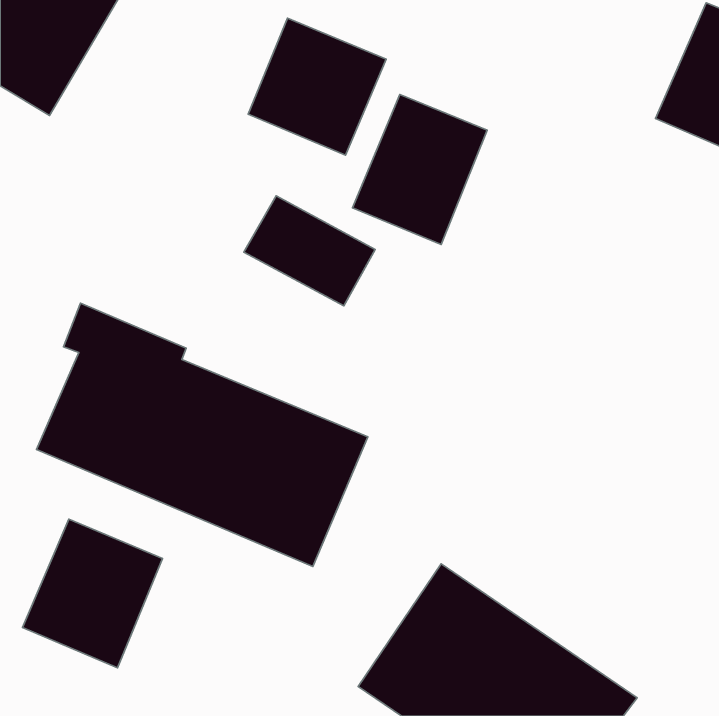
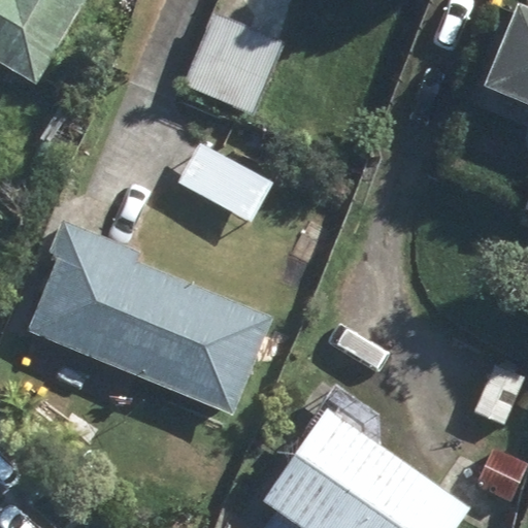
building: [353,95,487,244] -> none
building: [23,519,163,668] -> none

